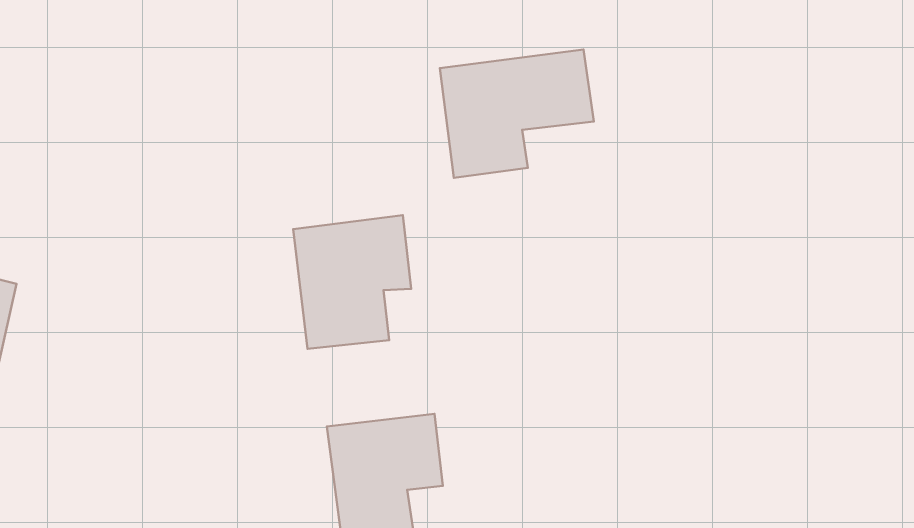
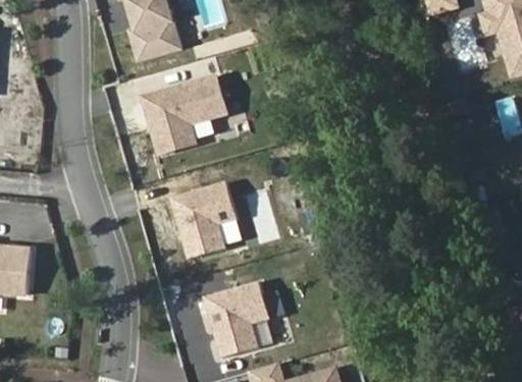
building: [440,49,594,178] -> [143,76,227,154]

